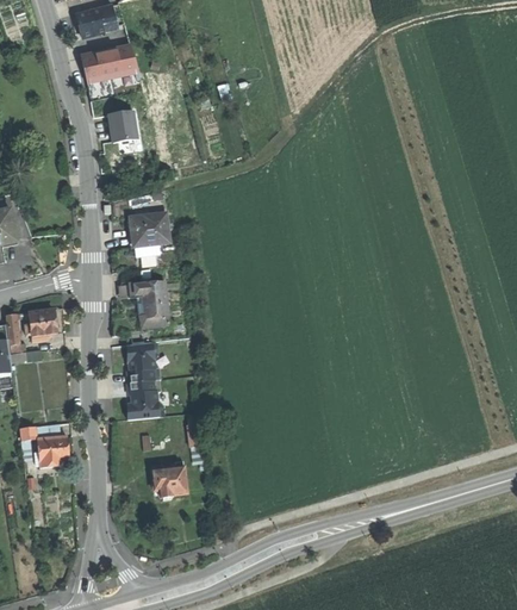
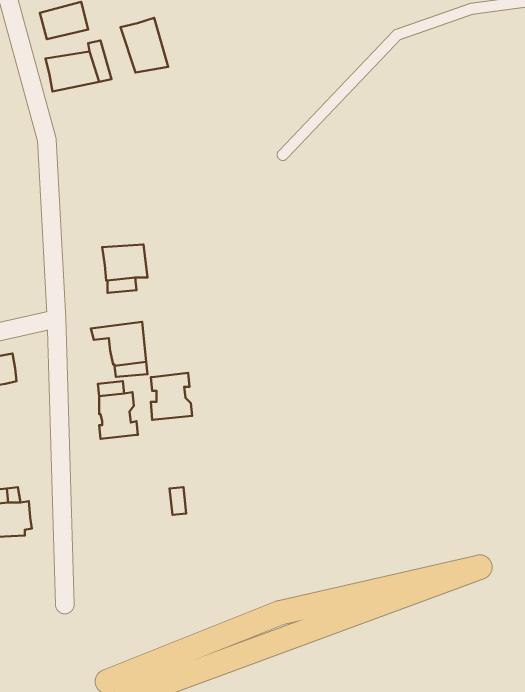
building: none -> [120,18,168,72]
building: [106,110,138,141] -> none
building: [127,378,163,418] -> [151,373,192,420]
building: [152,460,187,499] -> none

